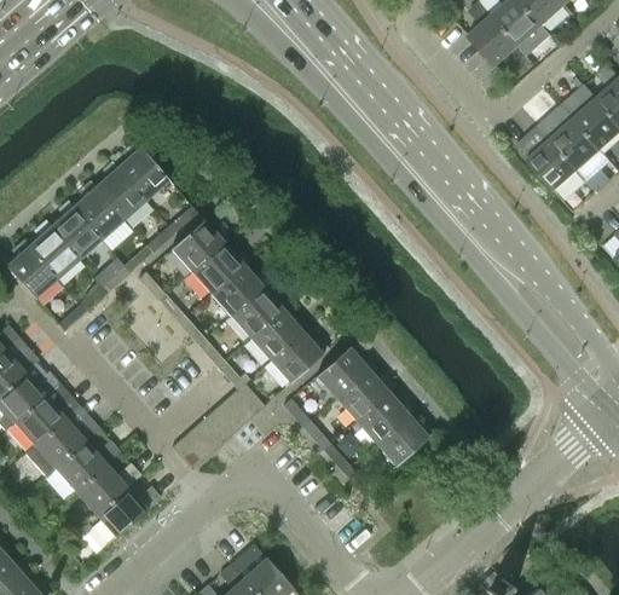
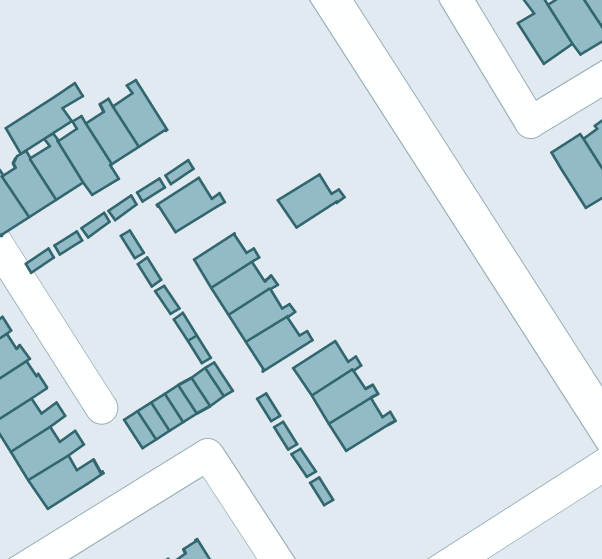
building: none -> [6,83,83,154]
building: [190,242,249,293] -> [278,174,344,227]
building: [374,414,433,466] -> none

